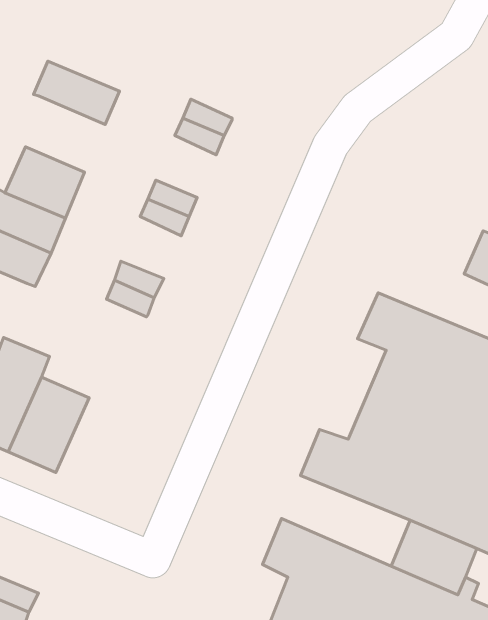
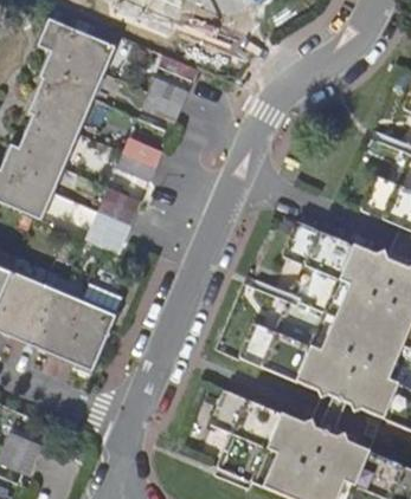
building: none -> [37,15,115,71]
building: none -> [27,74,92,131]
building: none -> [56,283,122,370]

